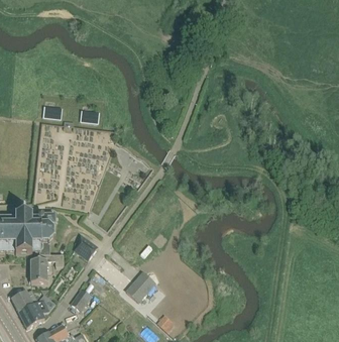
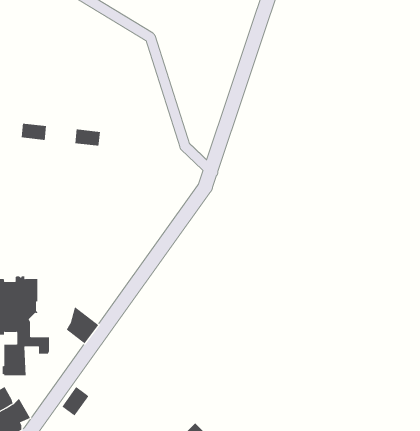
building: [126,271,154,301] -> none

